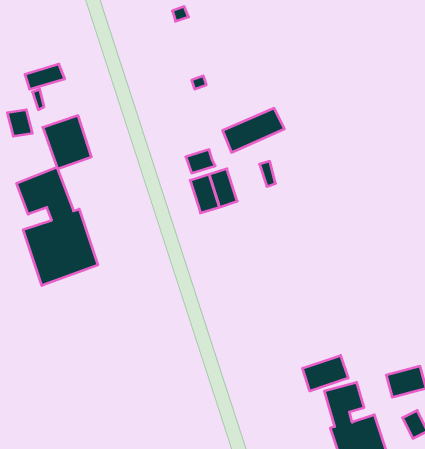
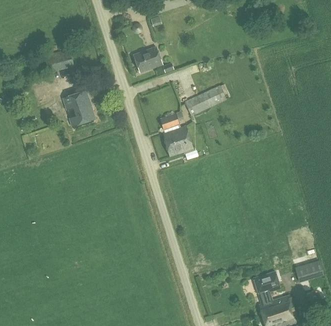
building: none -> [133,46,162,69]
building: [17,167,98,286] -> none
building: [303,355,348,391] -> none

